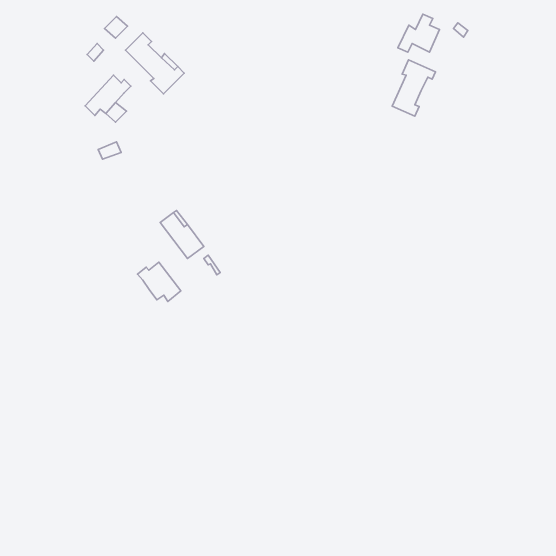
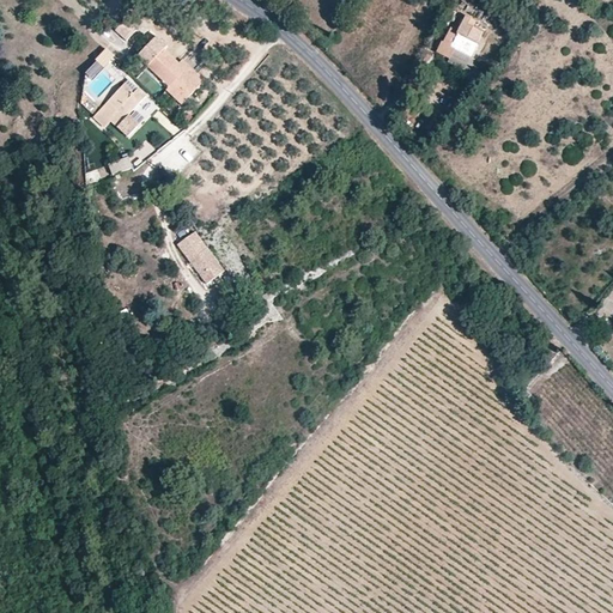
building: [392,60,435,116] -> none
building: [138,262,181,301] -> none

